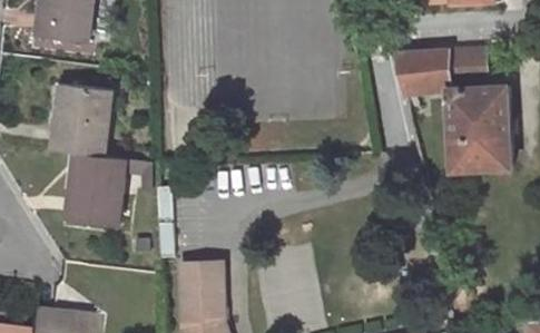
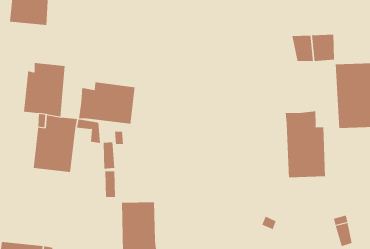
building: [450,48,488,82] -> none
building: none -> [79,81,135,124]
building: none -> [285,111,326,178]

